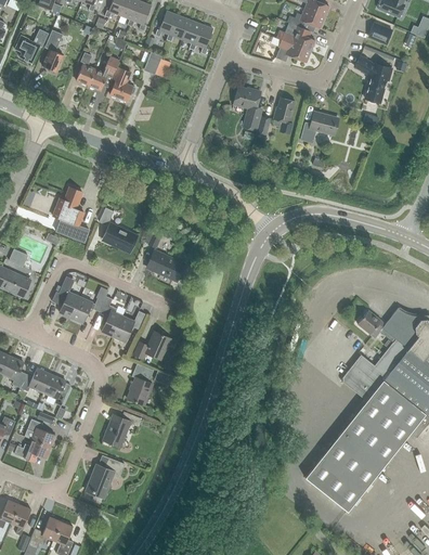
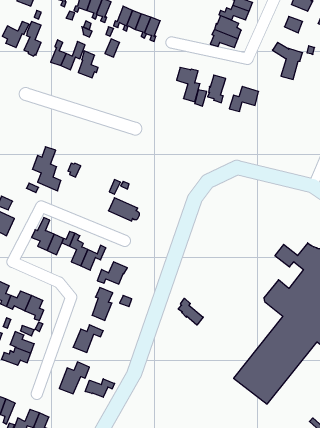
building: [103,223,138,253] -> none
building: none -> [178,298,203,325]
building: none -> [85,379,115,397]

